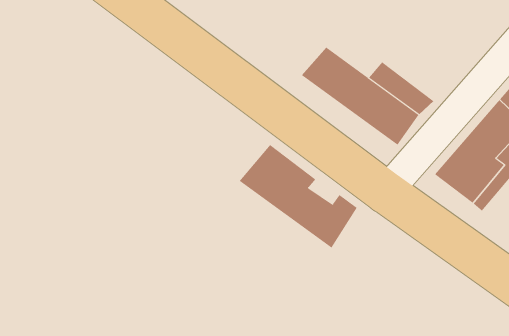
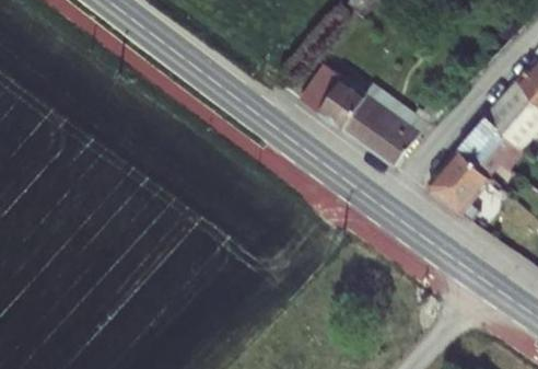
building: [239,144,358,249] -> none

